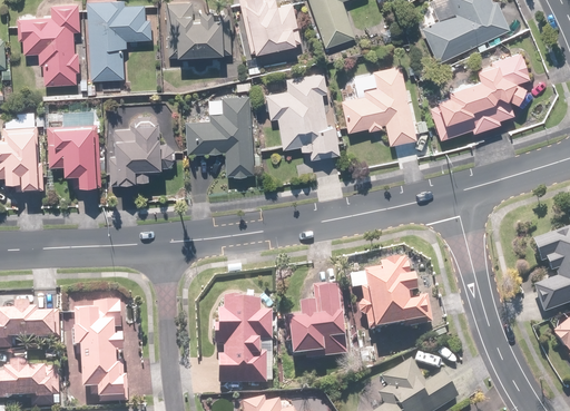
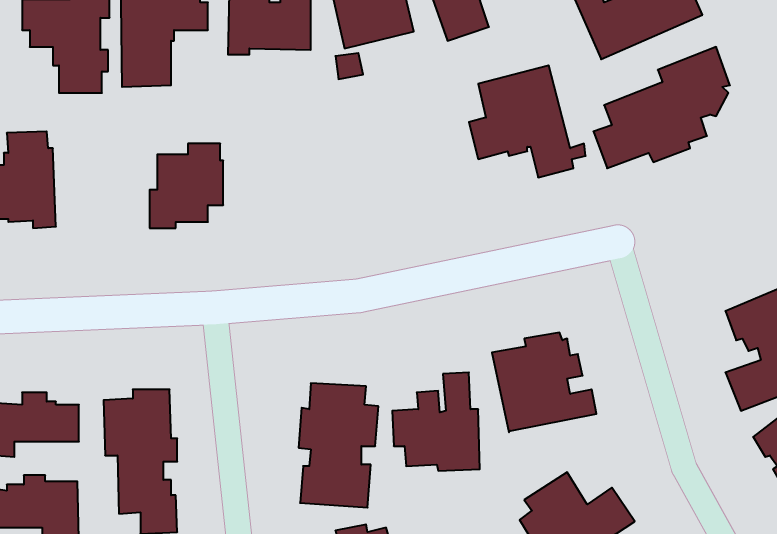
building: [267,74,340,158] -> none
building: [186,96,254,174] -> none
building: [49,123,99,185] -> none

